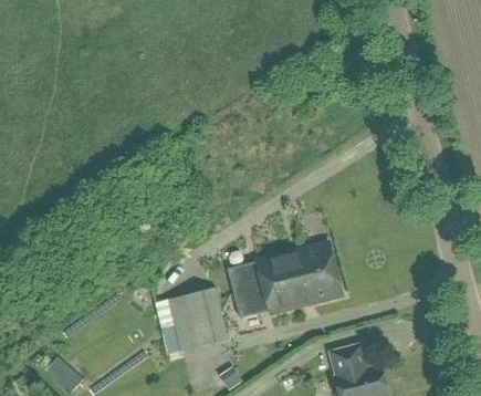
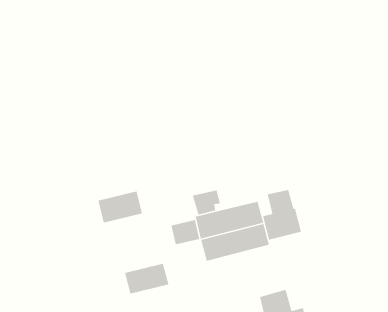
building: none -> [262,189,302,241]
building: [168,288,220,325] -> [97,191,143,223]
building: [233,288,266,317] -> [192,189,221,216]

